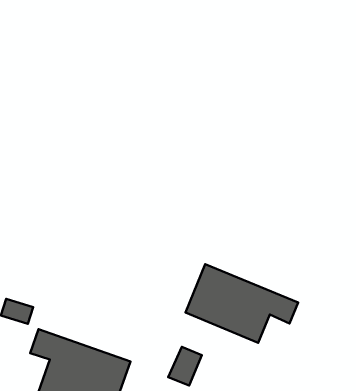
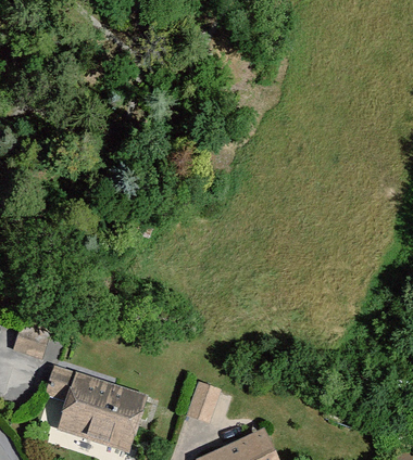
building: [185,264,298,343] -> none

